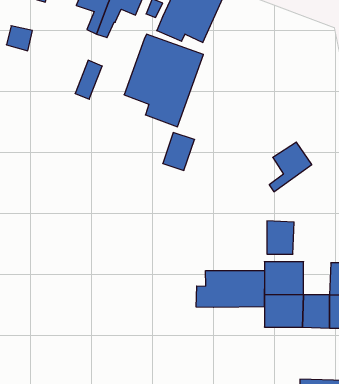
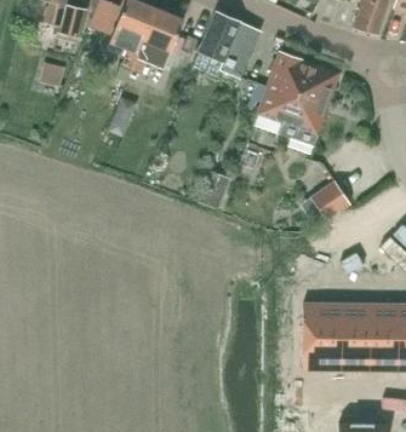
building: [124,34,203,127] -> [258,51,339,145]
building: [267,221,294,254] -> [343,303,371,336]
building: [196,271,264,307] -> none

